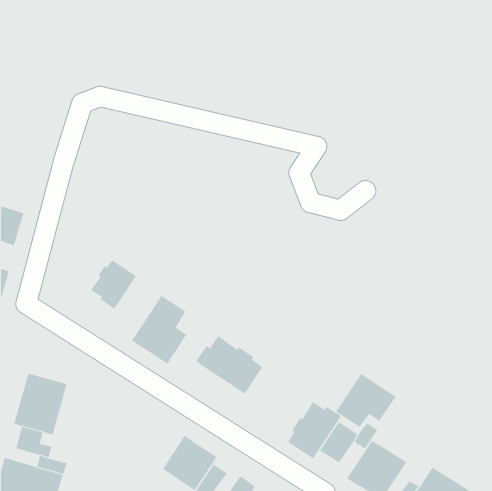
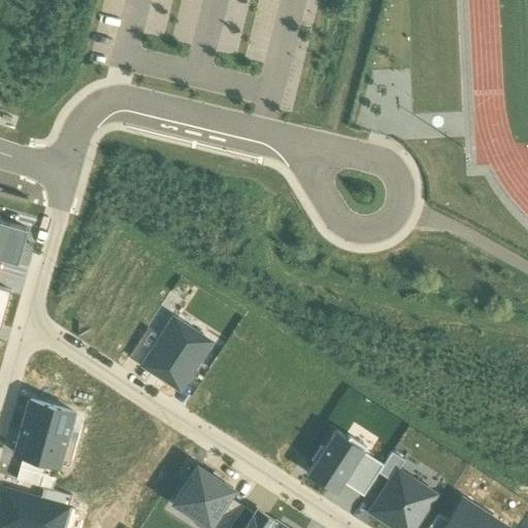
building: [90,260,137,309] -> none
building: [196,335,263,395] -> none
building: [336,373,396,428] -> none

